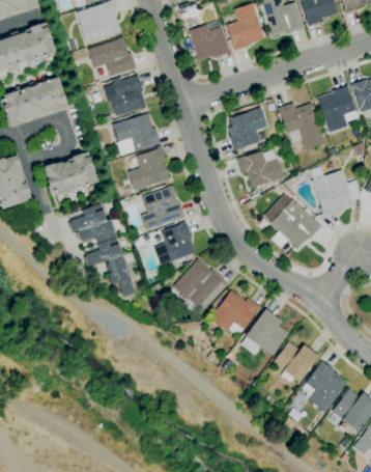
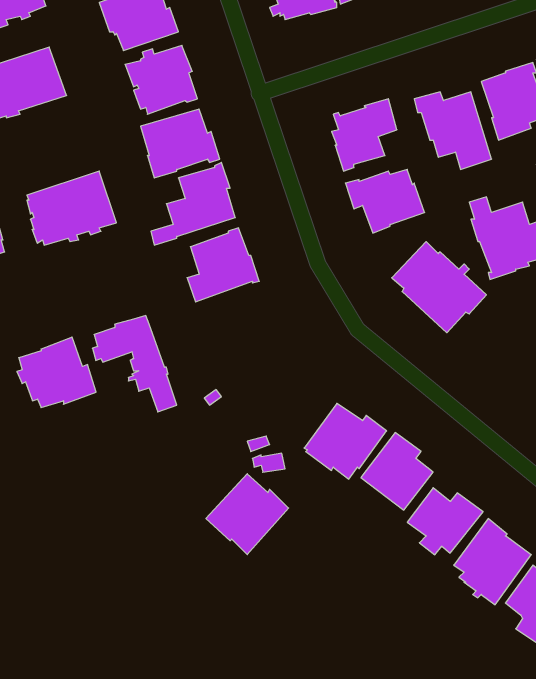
building: [68,203,116,246] -> [17,337,96,408]
building: [154,222,195,267] -> none
building: [174,259,224,308] -> [206,474,289,555]

